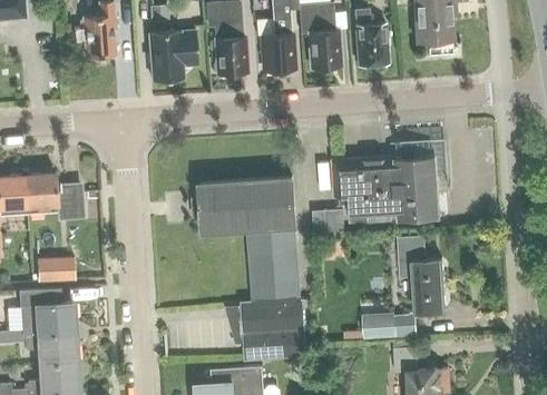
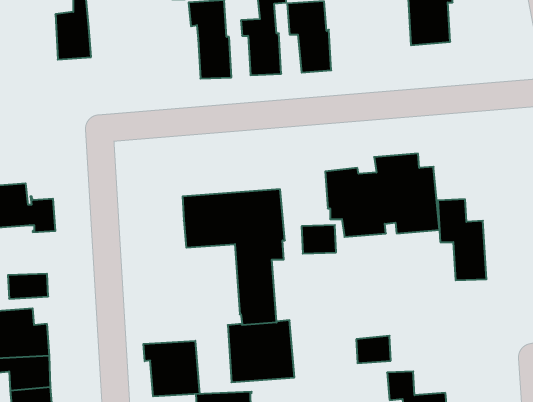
building: [355,8,389,67] -> none
building: [148,29,197,80] -> none
building: [400,238,446,314] -> [438,199,487,280]
building: none -> [143,341,199,396]

